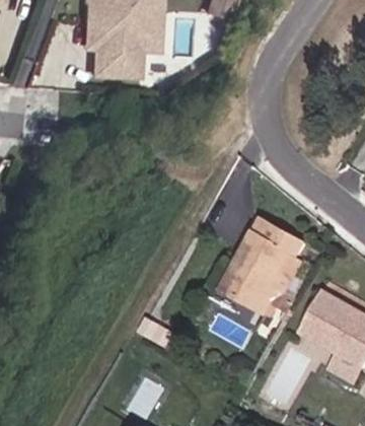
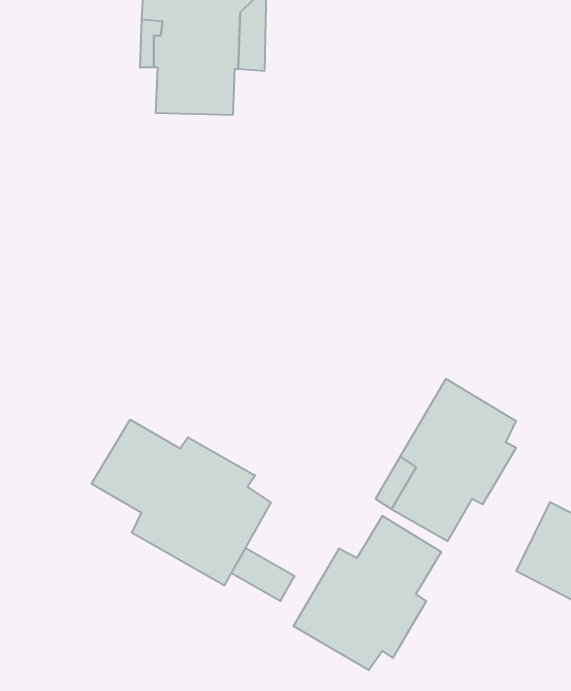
building: none -> [92,420,271,586]
building: none -> [293,516,441,670]

